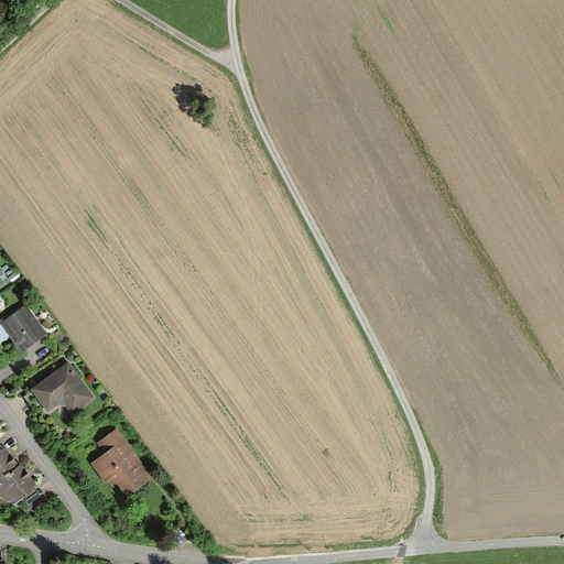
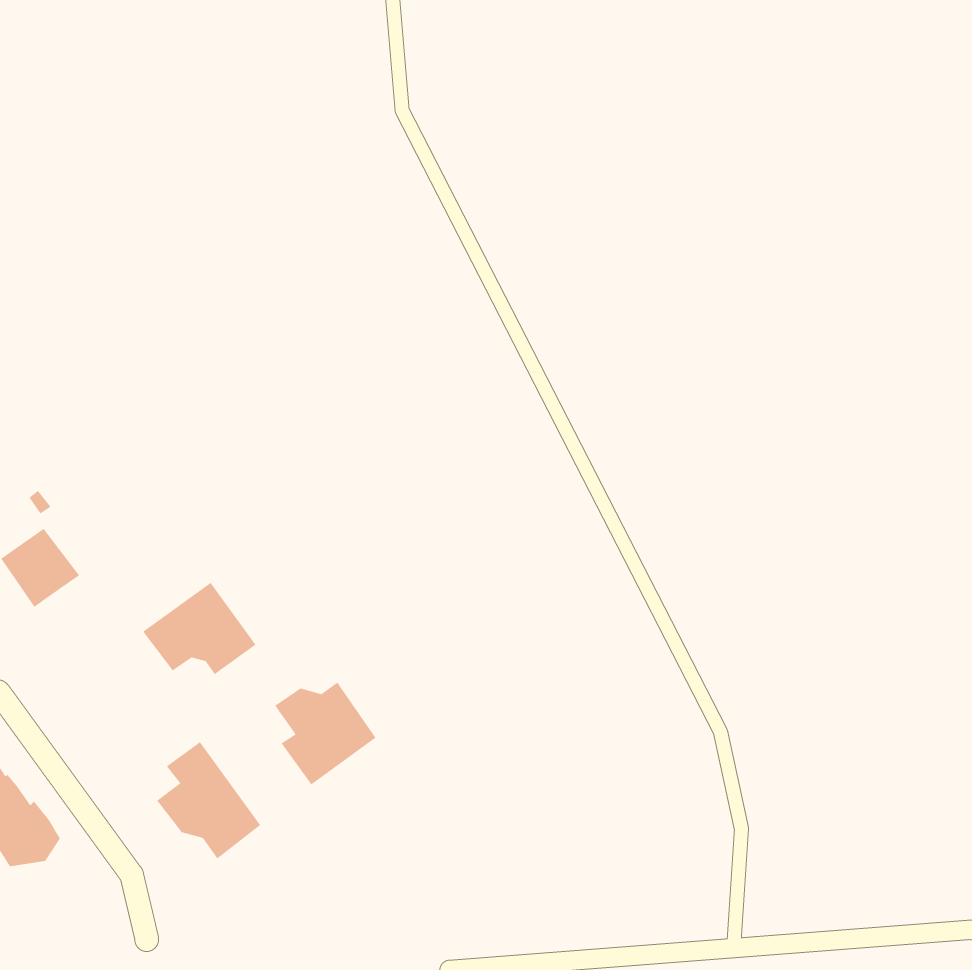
building: [29,360,95,414] -> [142,582,256,675]
building: none -> [274,681,377,785]

